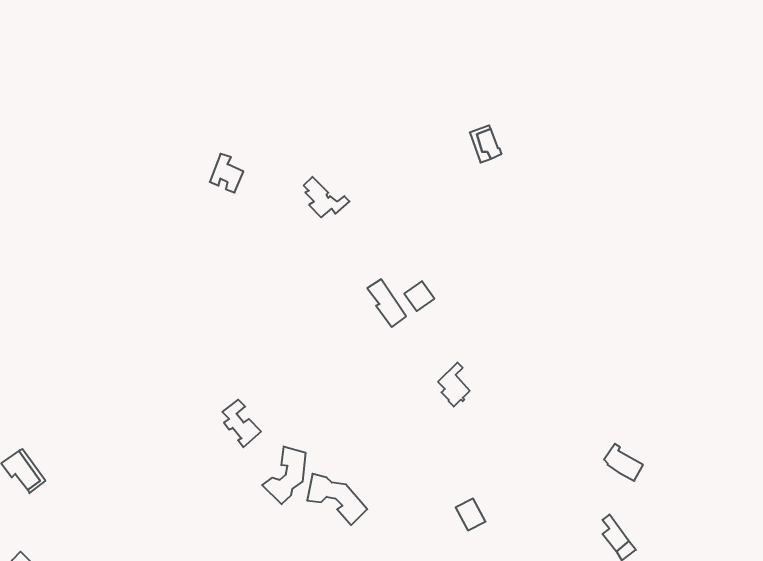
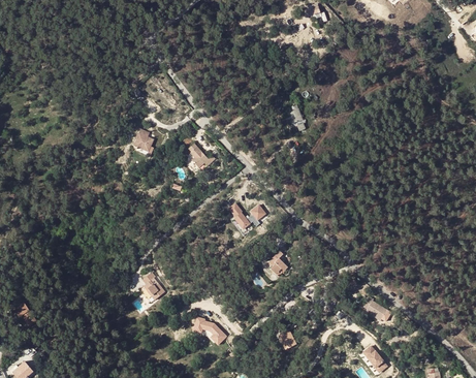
building: [262,446,306,504] -> none

